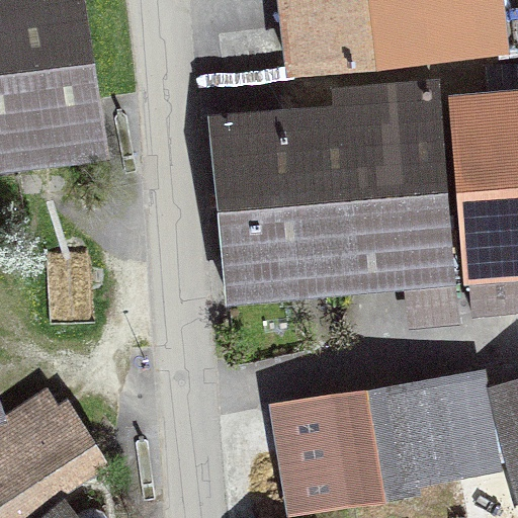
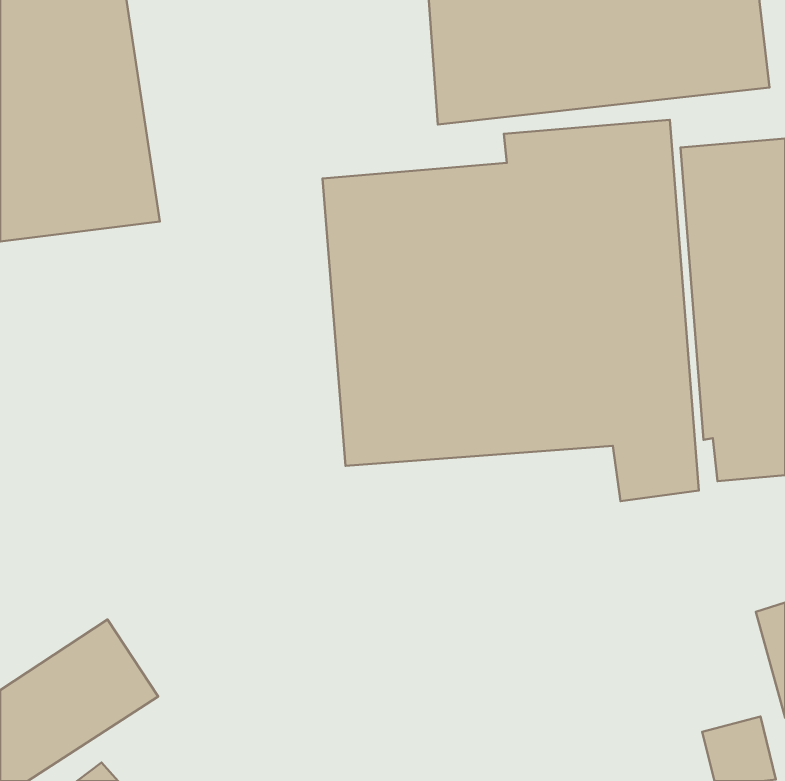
building: [276,374,489,508] -> none

